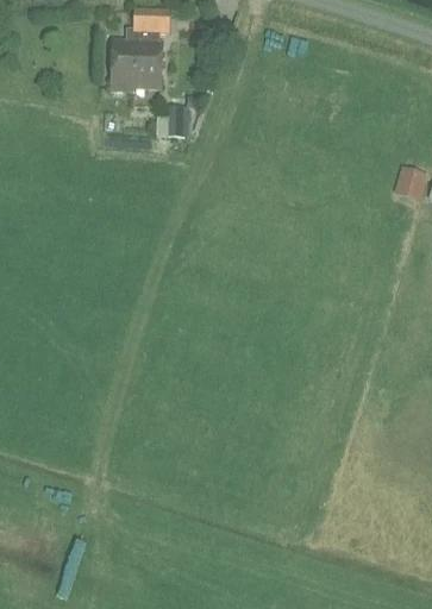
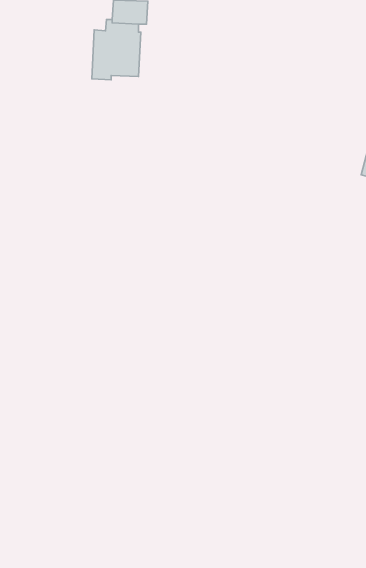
building: [167,103,194,137] -> none

